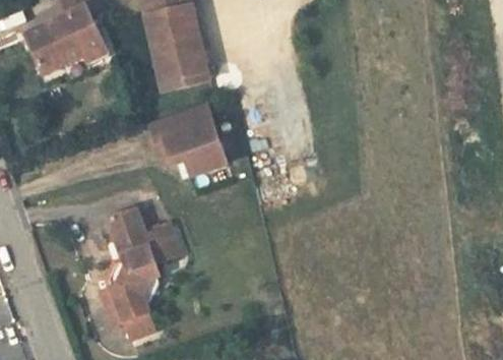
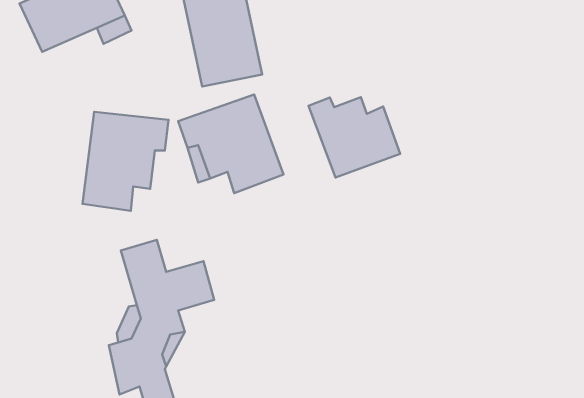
building: none -> [308,97,400,177]
building: none -> [82,112,168,211]

